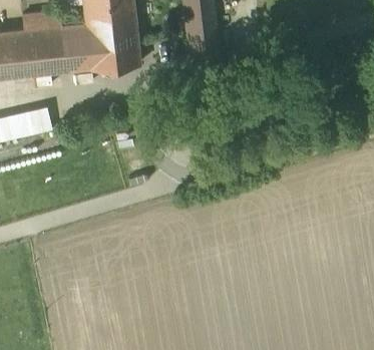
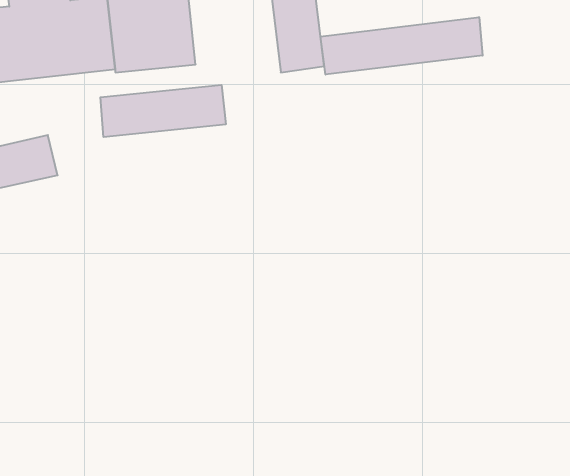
building: none -> [320,17,483,75]
building: none -> [100,85,226,137]

